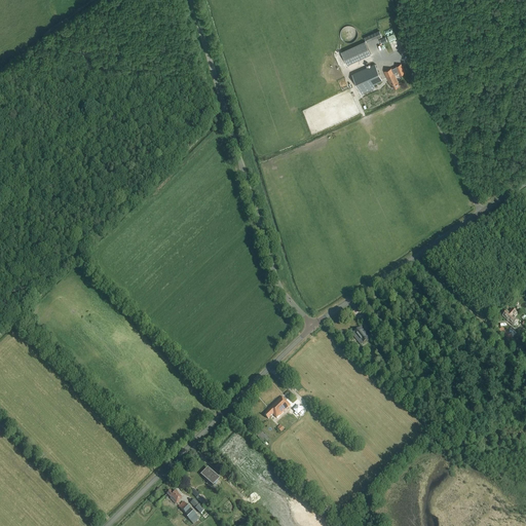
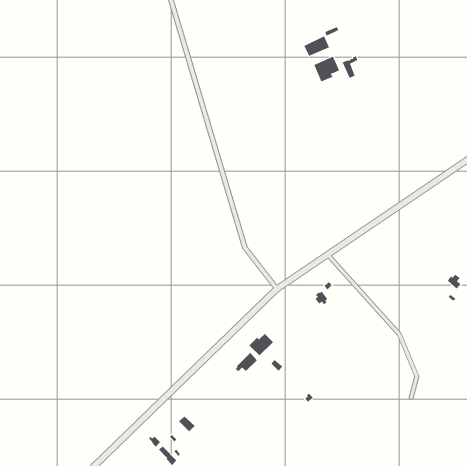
building: none -> [248,333,274,356]

